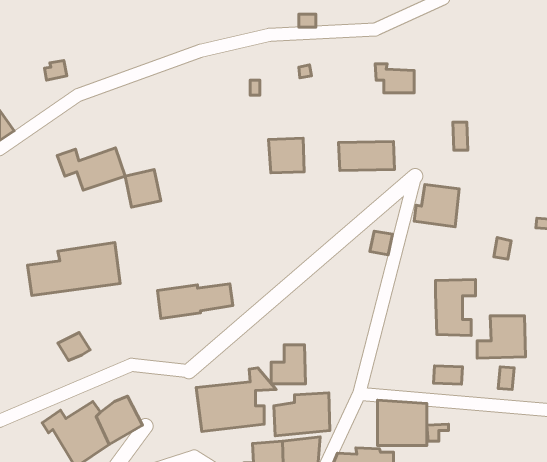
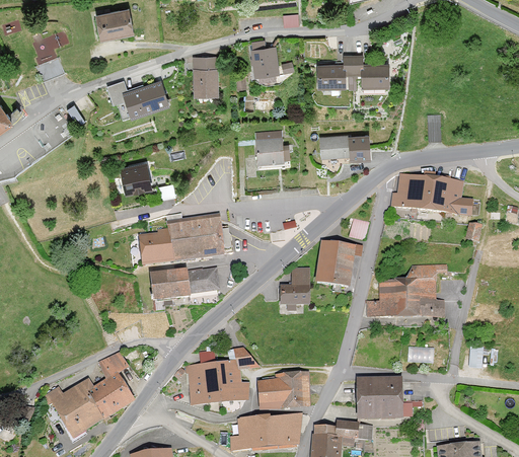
building: none -> [95,8,135,42]
building: none -> [251,47,279,76]
building: none -> [193,56,219,96]
building: none -> [317,61,355,88]
building: [57,148,125,190] -> [106,79,170,119]
building: none -> [429,178,474,220]
building: [28,243,120,295] -> [138,215,225,264]
building: none -> [315,239,363,286]
building: [477,316,526,358] -> [366,277,412,316]
building: [58,333,90,361] -> [98,352,129,378]
building: [271,345,306,384] -> [279,268,311,304]

